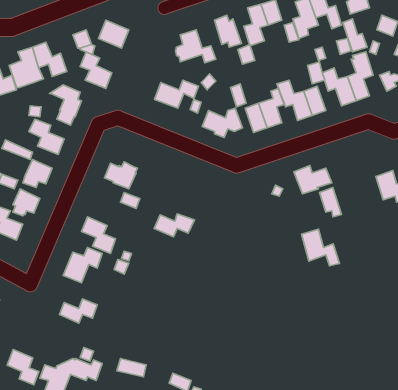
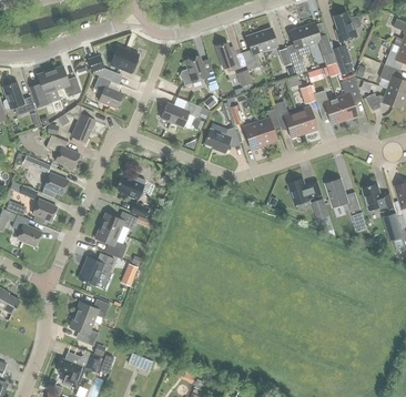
building: [154,214,194,237] -> [100,211,136,232]
building: [302,229,339,266] -> [325,177,359,211]
building: [7,349,39,385] -> [69,313,98,345]

